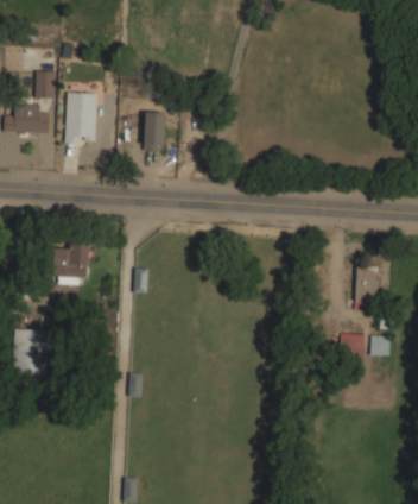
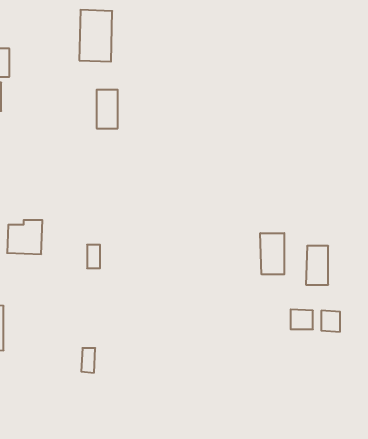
building: [64,92,97,144] -> [79,10,112,62]
building: none -> [260,233,284,274]

